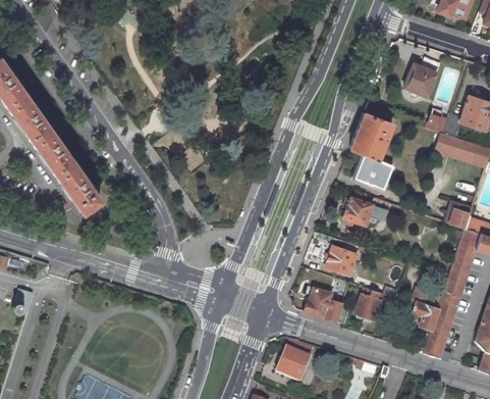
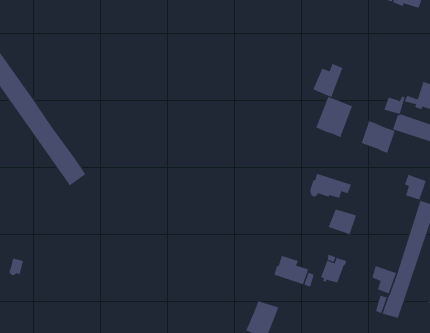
building: [405,60,439,98] -> [312,63,343,98]
building: [355,153,392,189] -> [361,121,395,153]
building: [327,246,359,275] -> [328,209,357,235]

